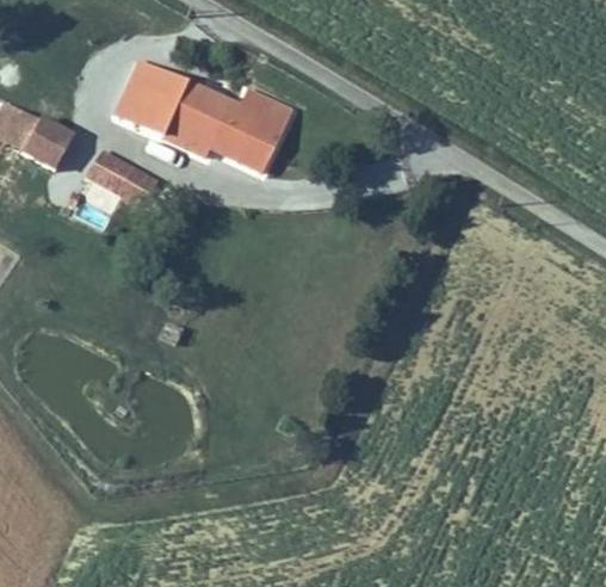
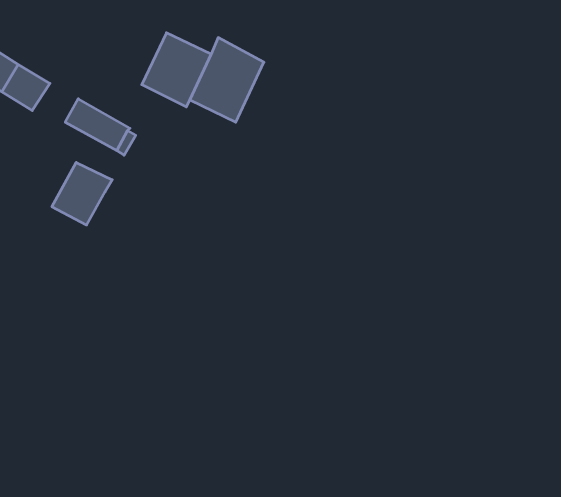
building: [116,60,190,135] -> none
building: none -> [52,162,112,225]

